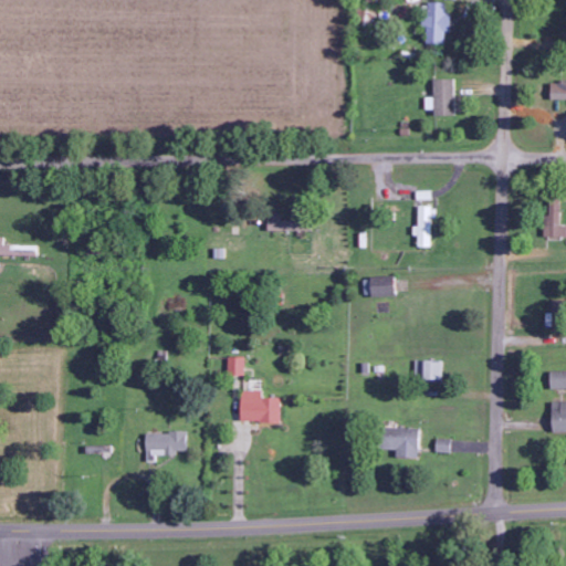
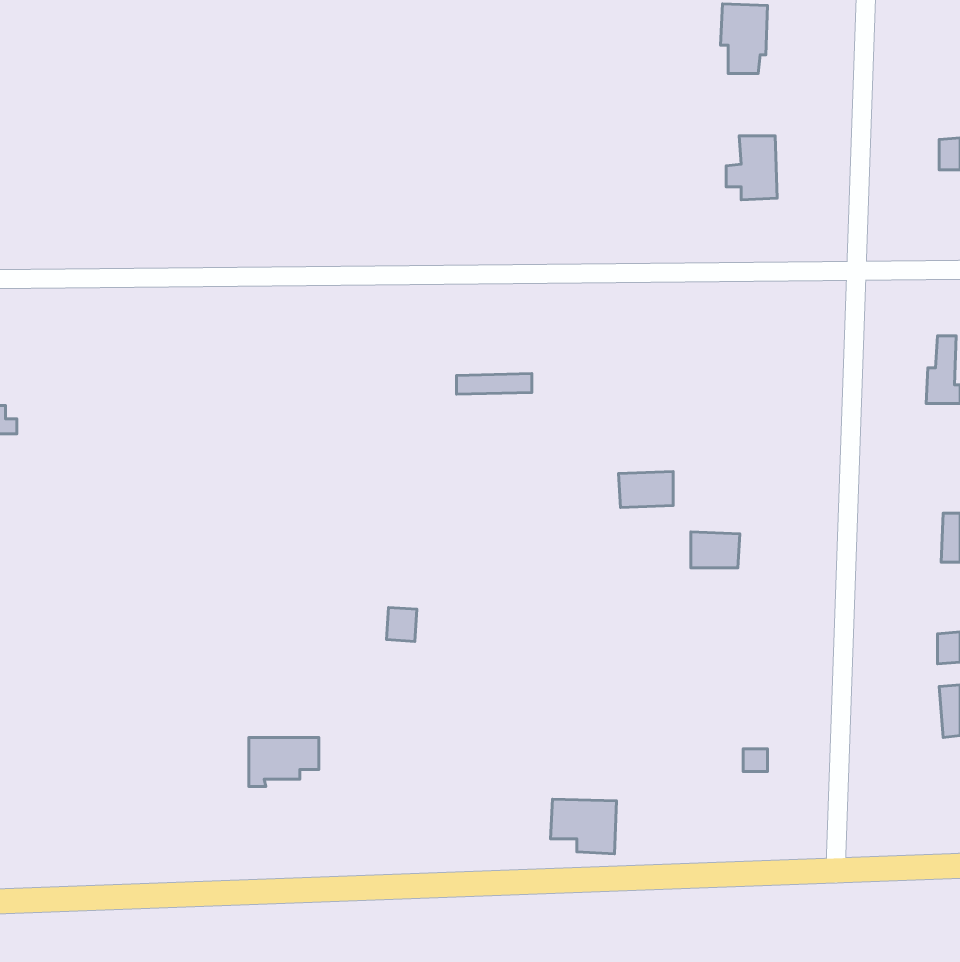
building: [413,207,437,248] -> none
building: [413,359,442,380] -> [691,532,740,568]
building: [240,390,281,422] -> none
building: [380,427,419,459] -> [550,799,616,854]

